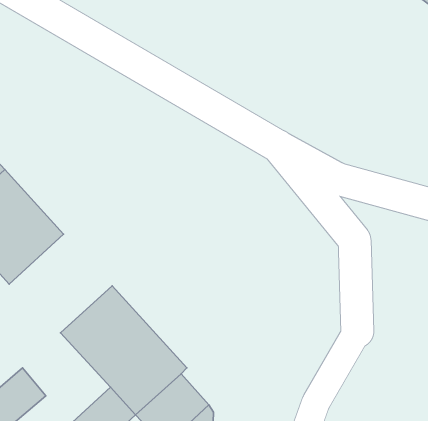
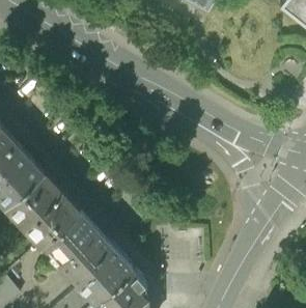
building: none -> [7,175,80,247]

